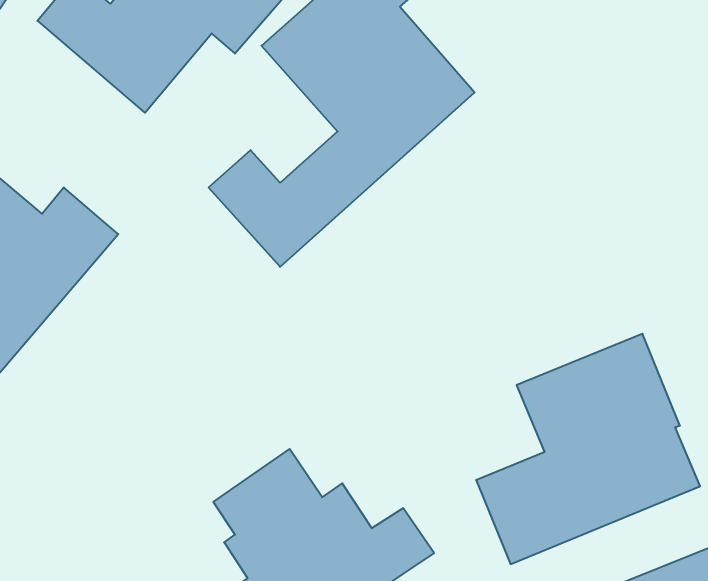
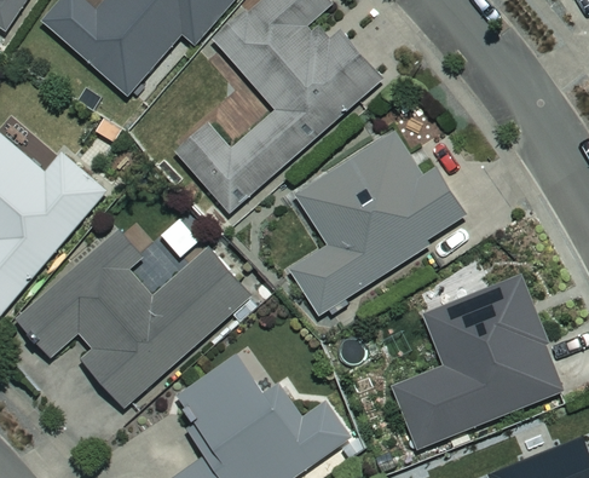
building: none -> [290,134,467,313]
building: none -> [18,230,249,405]

